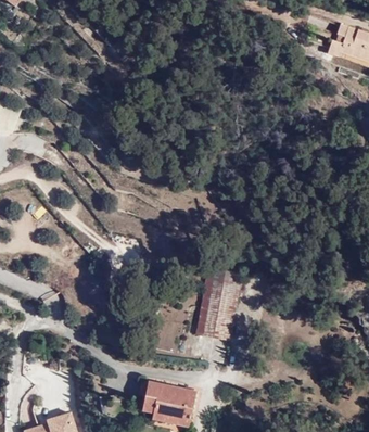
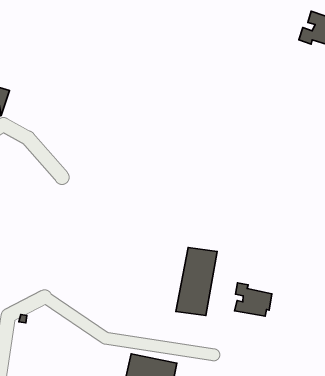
building: none -> [235,283,272,316]

